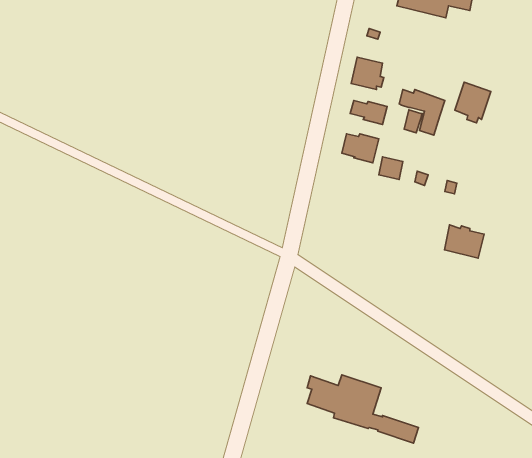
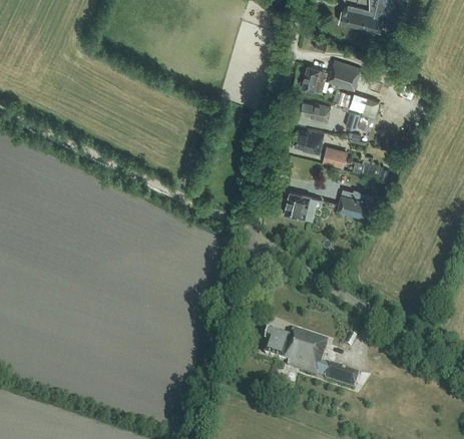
building: none -> [328,58,362,90]
building: [455,82,491,123] -> none
building: none -> [285,190,318,217]
building: [445,225,484,258] -> [340,188,373,216]

